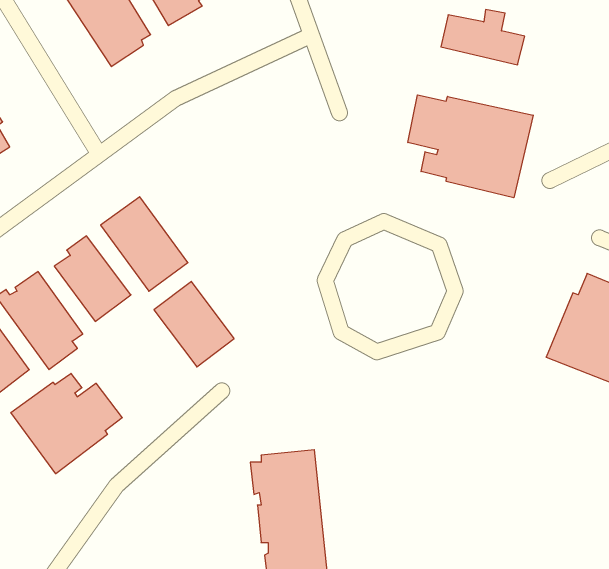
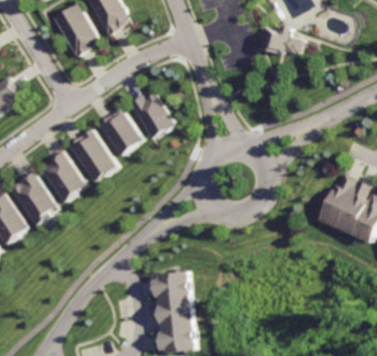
building: [408,95,533,198] -> none
building: none -> [128,93,173,139]
building: [154,281,234,367] -> [99,108,144,156]
building: [11,373,122,474] -> none

